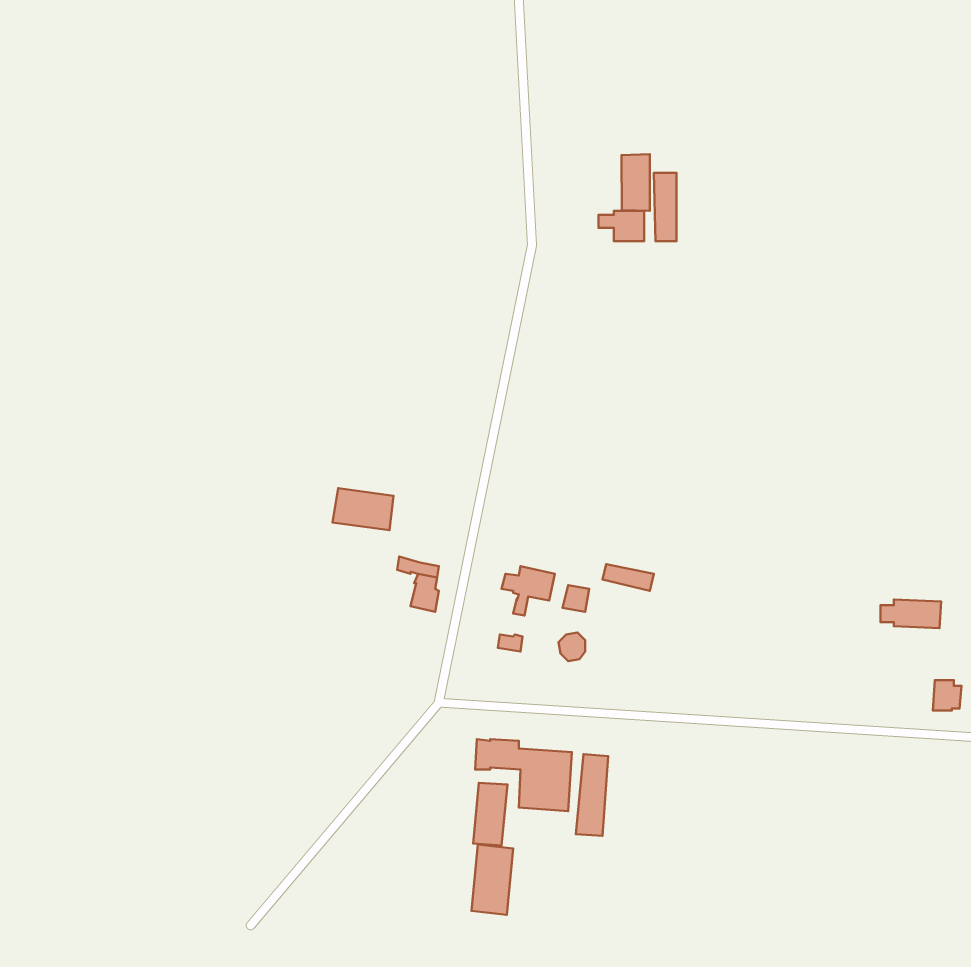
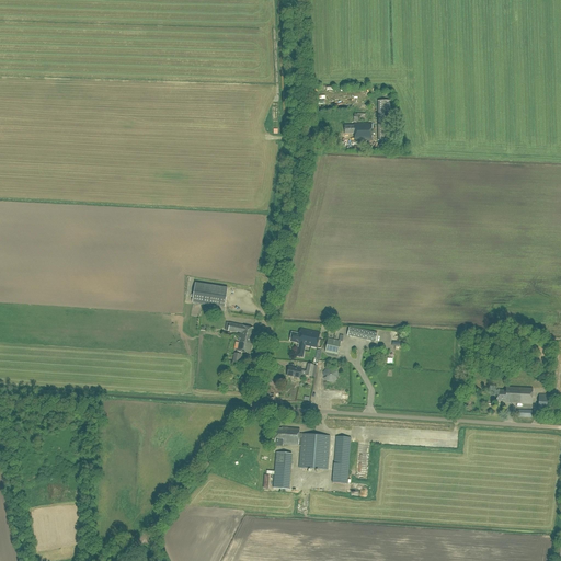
building: [621,154,650,211] -> none
building: [881,600,941,628] -> [497,386,533,402]
building: [472,844,513,915] -> none

